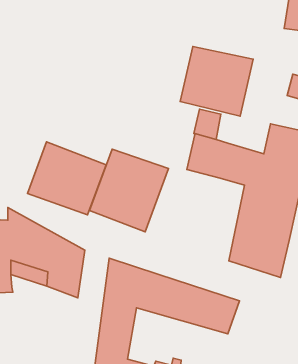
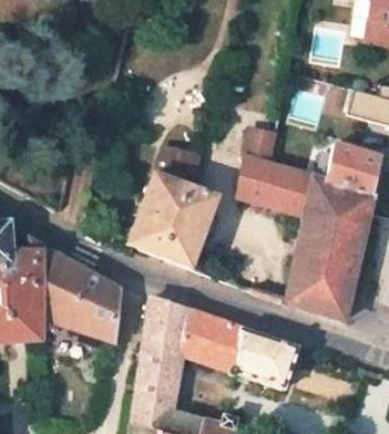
building: [180,46,253,116] -> none
building: none -> [153,151,197,188]
building: [28,142,106,215] -> none

